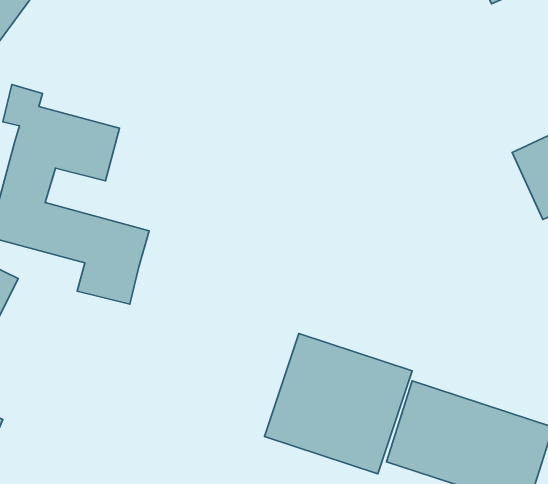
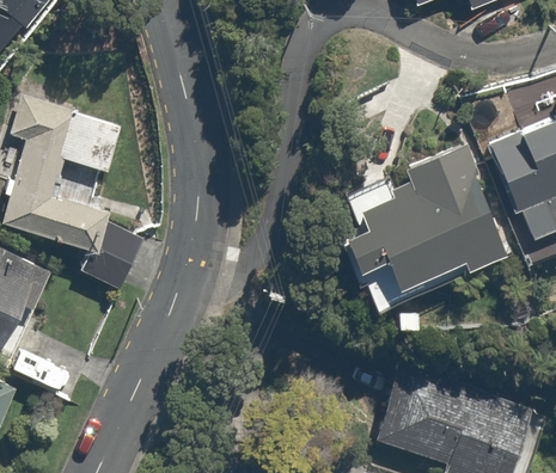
building: none -> [331,141,509,293]
building: [264,334,412,474] -> none

